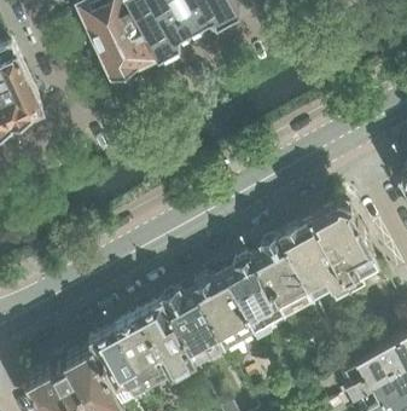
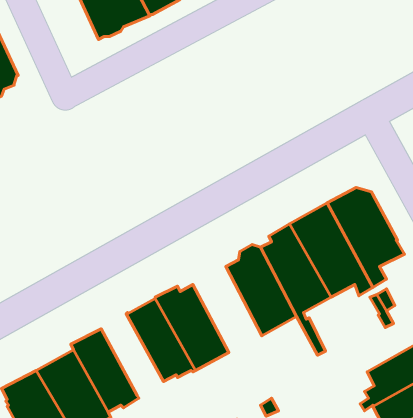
building: [193,276,254,351] -> none
building: [114,317,169,388] -> none

